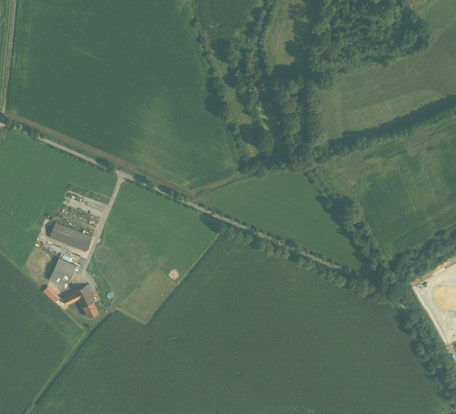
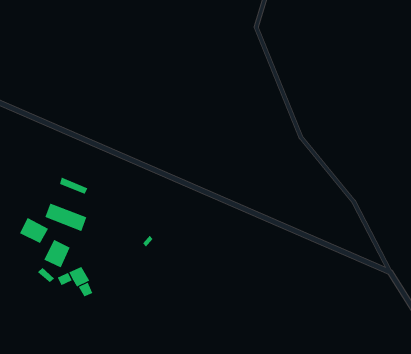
building: none -> [19,217,49,244]

